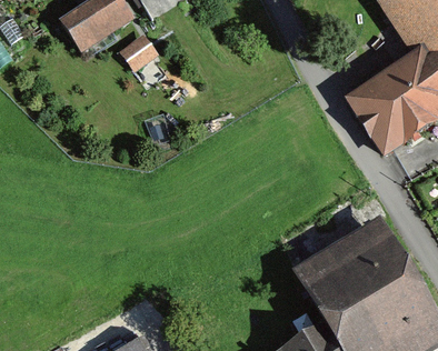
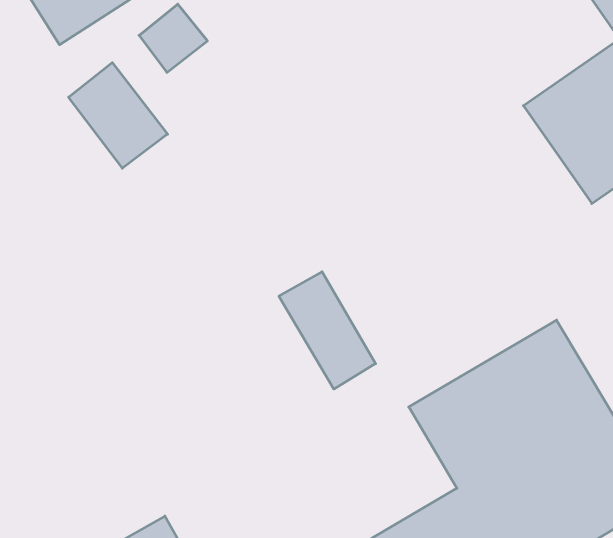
building: none -> [69,63,168,168]
building: none -> [279,272,376,389]

